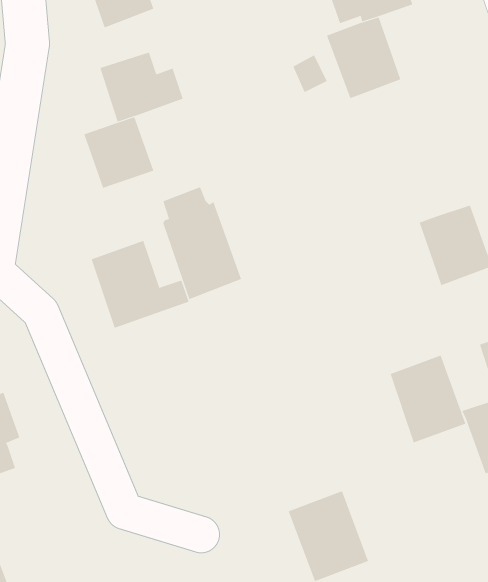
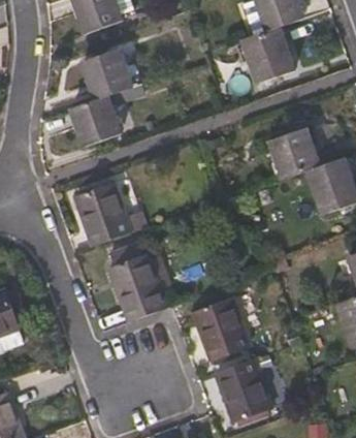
building: none -> [269,128,318,179]
building: [162,186,242,300] -> [110,243,166,322]
building: [390,355,466,443] -> [194,299,248,361]

